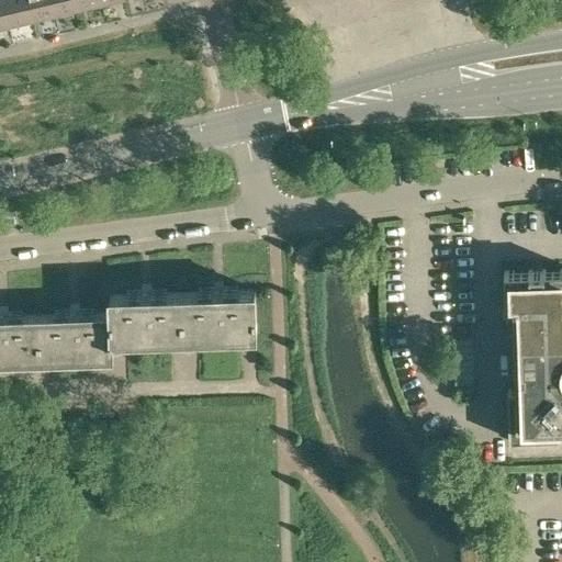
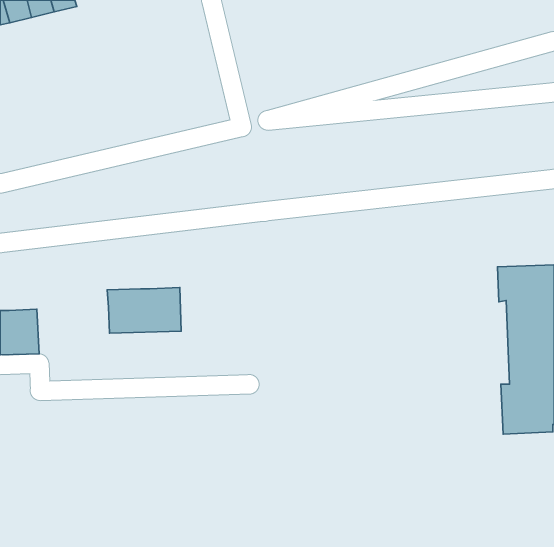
building: [182,295,256,342] -> none
building: [37,318,112,366] -> none

